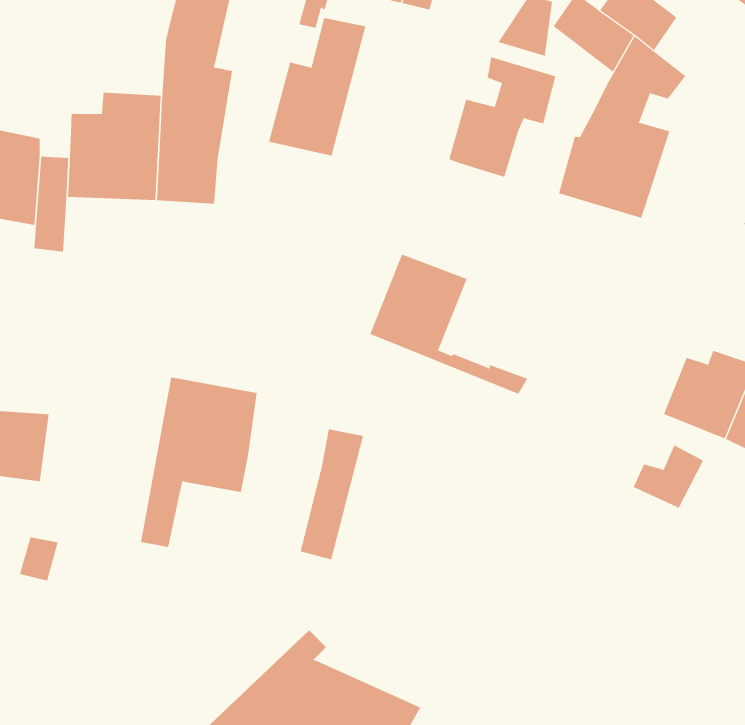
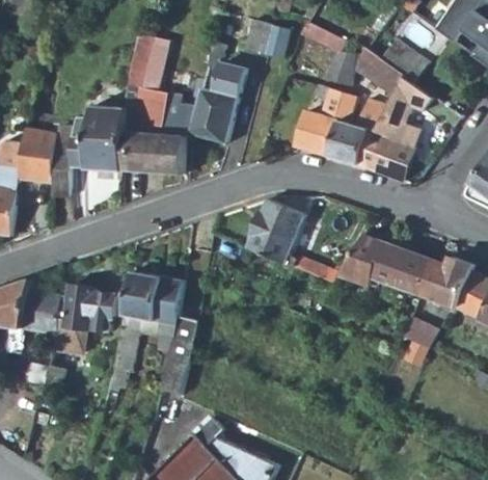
building: none -> [158,92,193,171]
building: none -> [327,96,386,164]
building: none -> [340,234,433,293]
building: none -> [53,285,117,353]
building: [300,429,364,560] -> [161,317,198,394]

